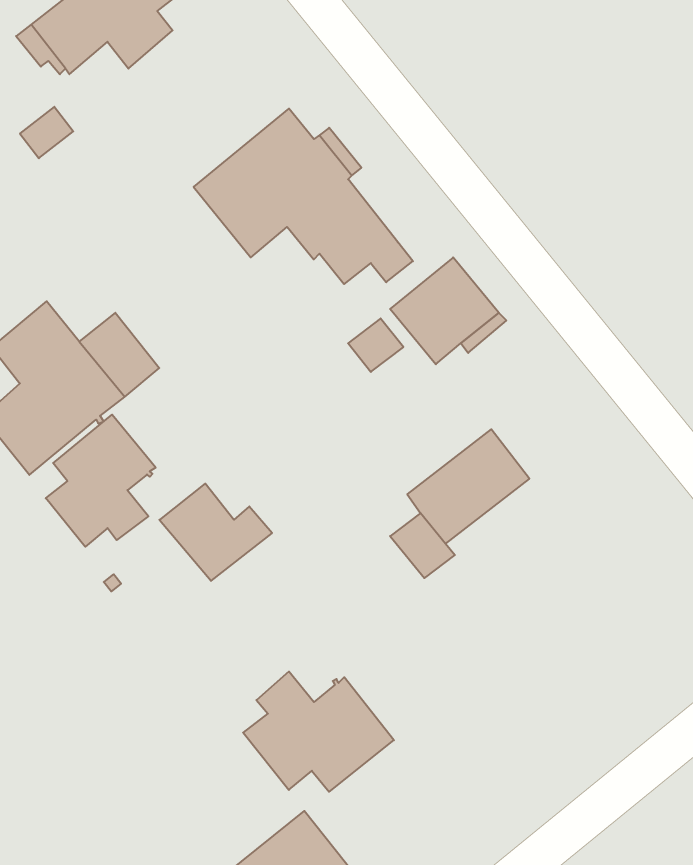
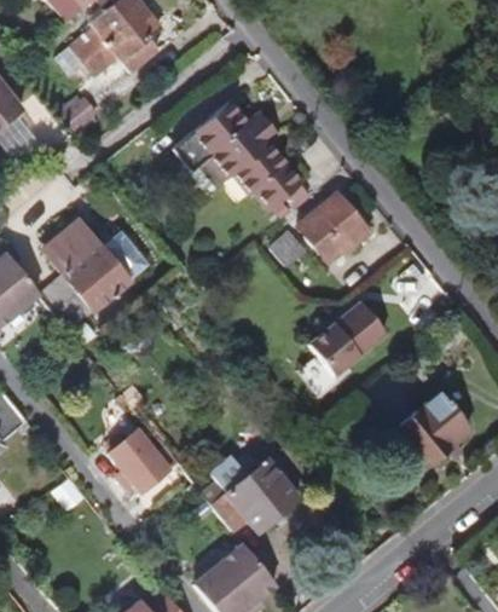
building: [46,415,156,547] -> none
building: [159,484,272,581] -> [106,431,178,492]
building: none -> [400,393,469,460]

